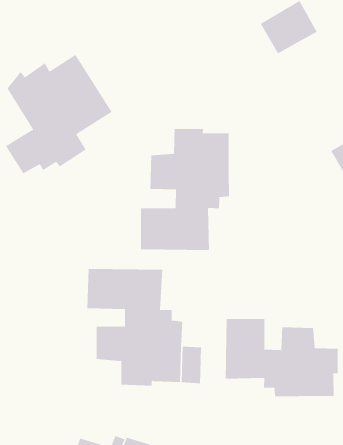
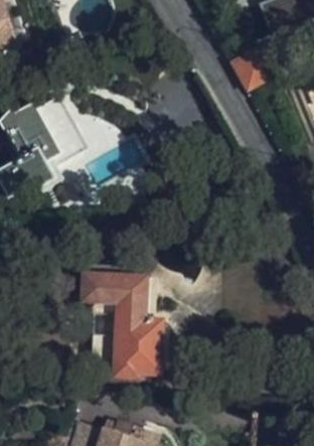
building: [140,128,229,251] -> none
building: [225,318,338,397] -> none

